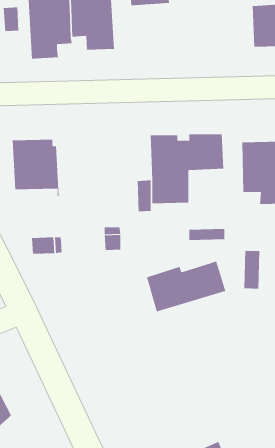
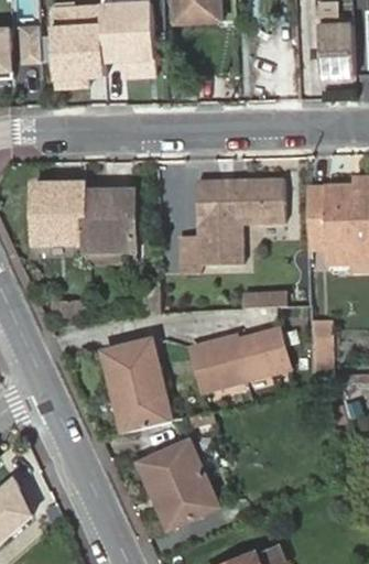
building: none -> [84,191,134,252]
building: none -> [106,338,174,432]
building: none -> [142,440,219,524]

